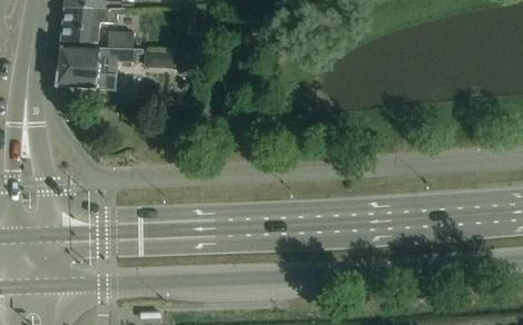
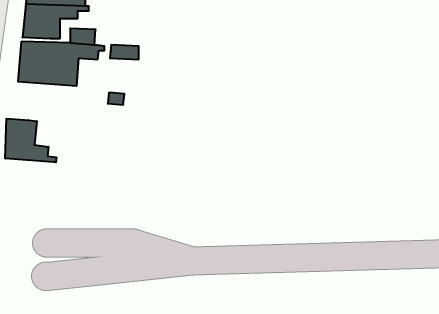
building: none -> [5,119,56,162]

